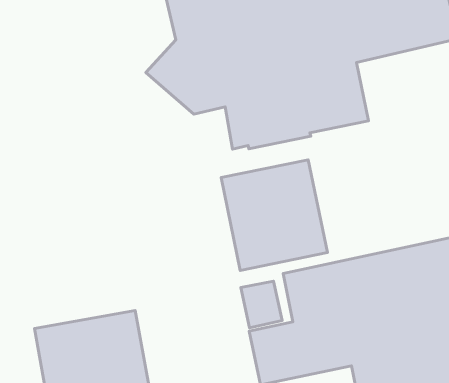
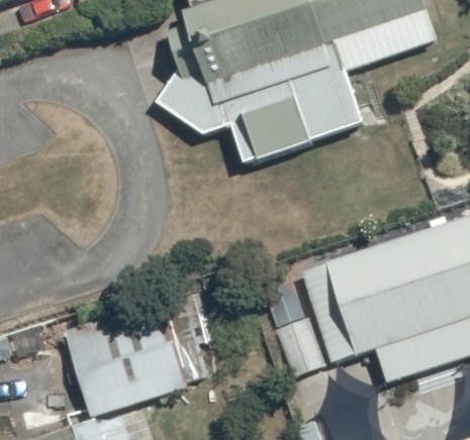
building: [221,160,327,270] -> none

